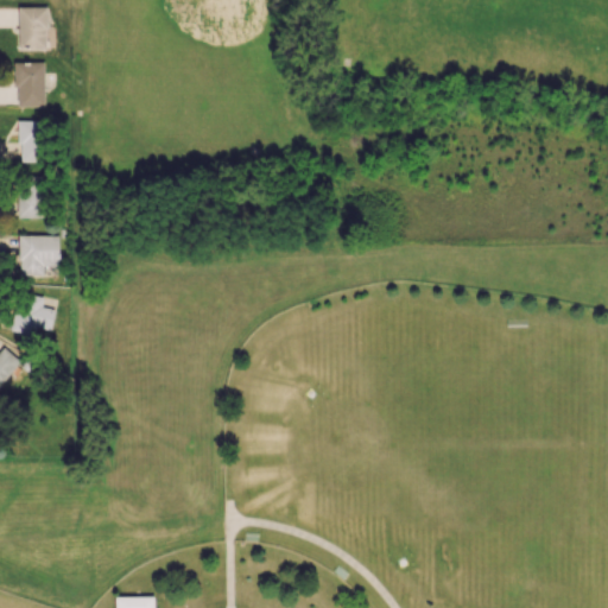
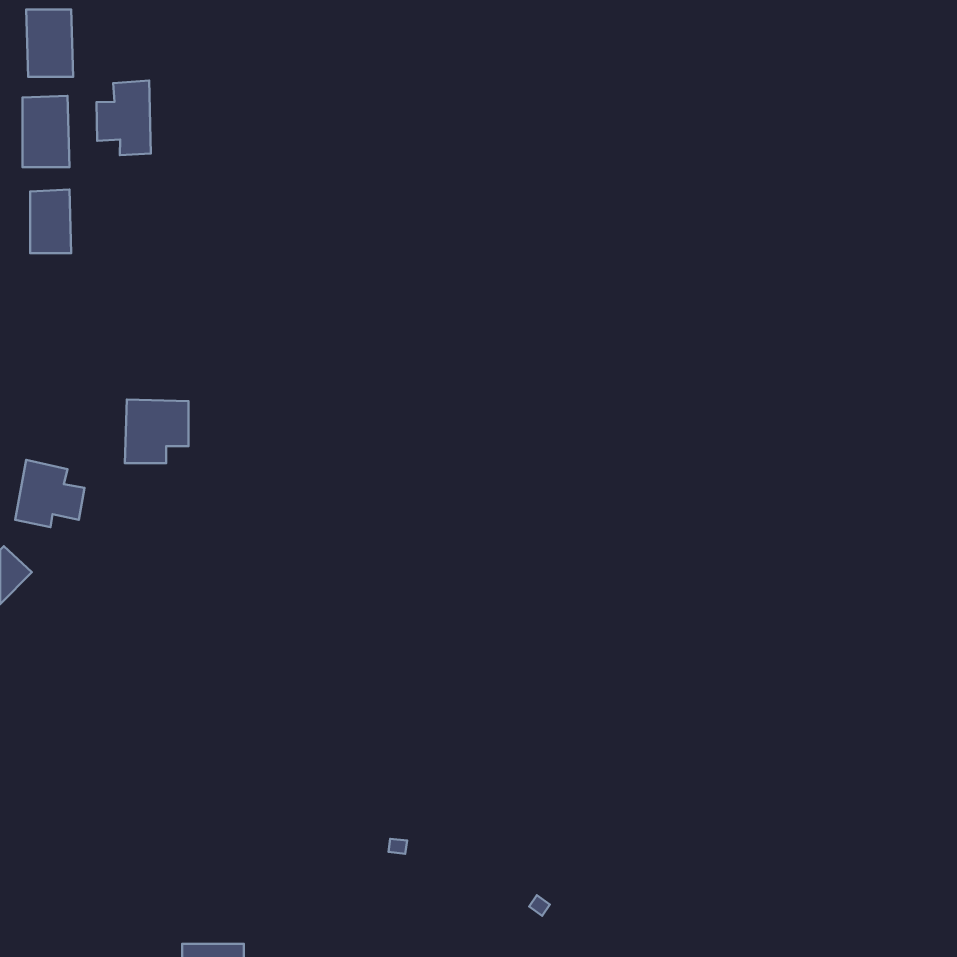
building: none -> [96,80,151,155]
building: [18,177,45,218] -> none
building: [18,235,58,276] -> [125,399,189,463]

